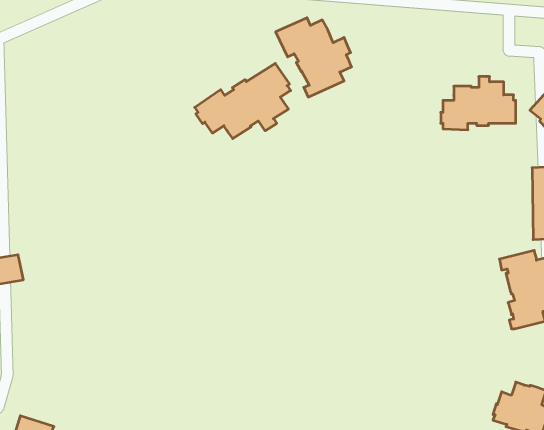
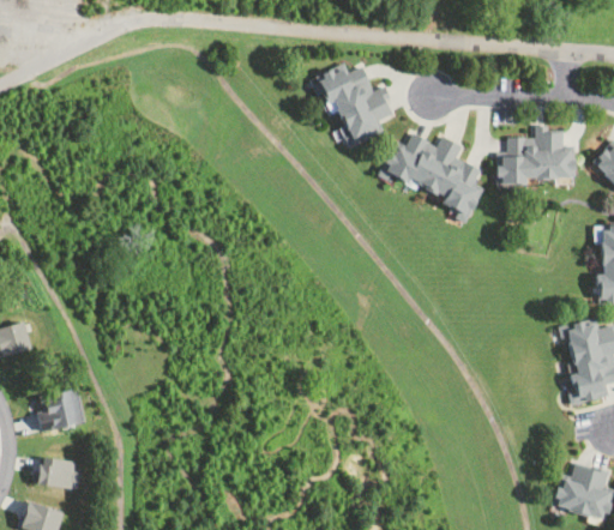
building: [195,63,291,139] -> none
building: none -> [377,133,486,225]
building: none -> [32,390,85,433]
building: none -> [35,457,85,488]

